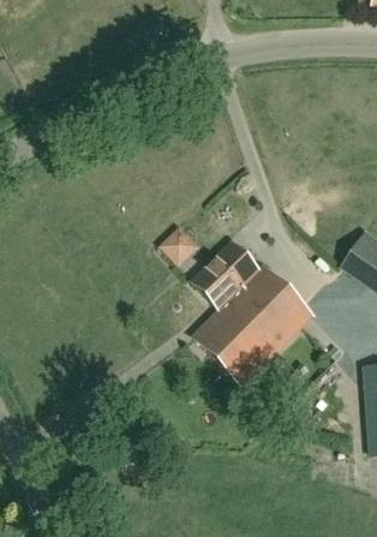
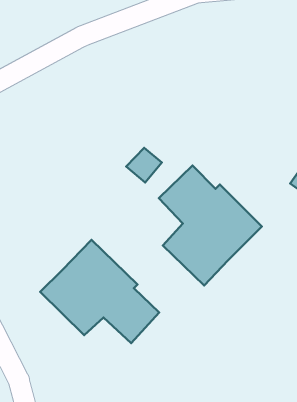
building: none -> [40,240,159,343]

